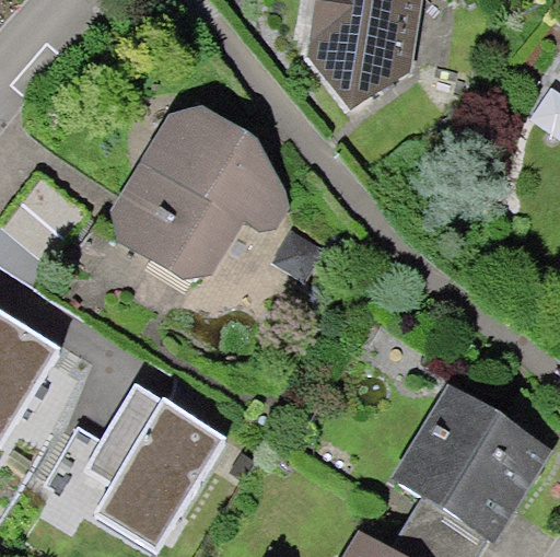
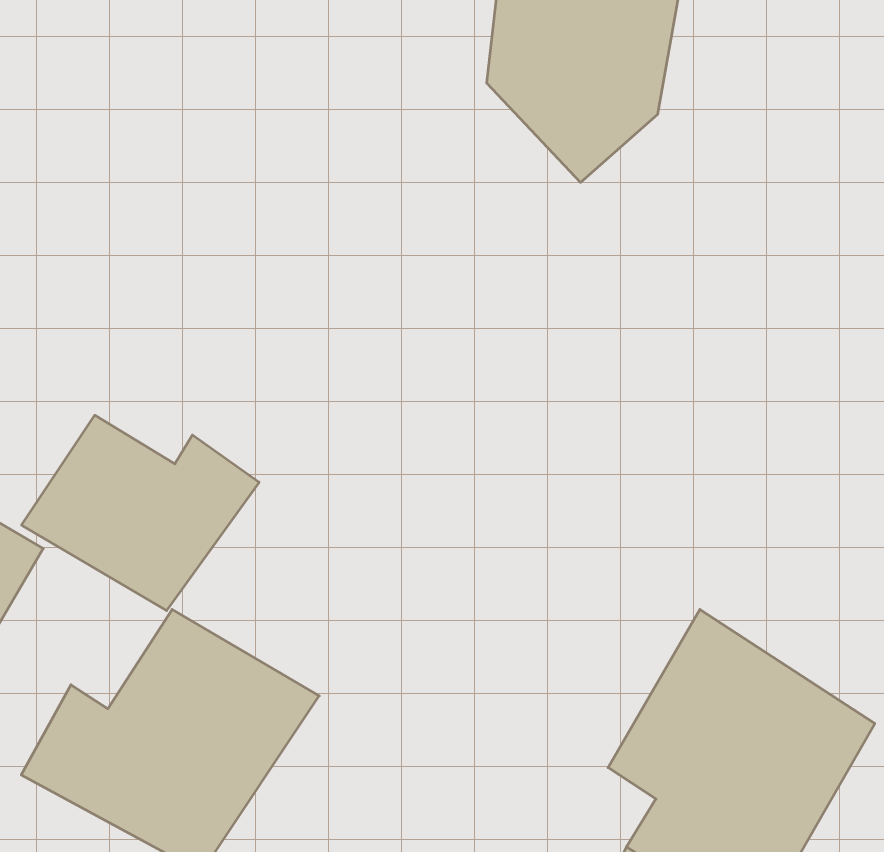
building: [122,125,301,297] -> none
building: none -> [22,415,259,611]

